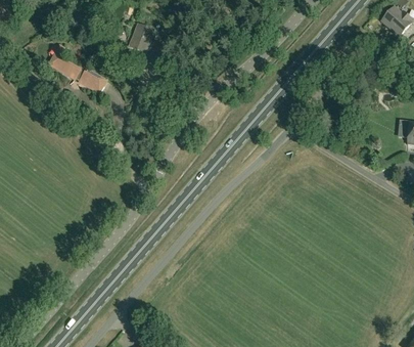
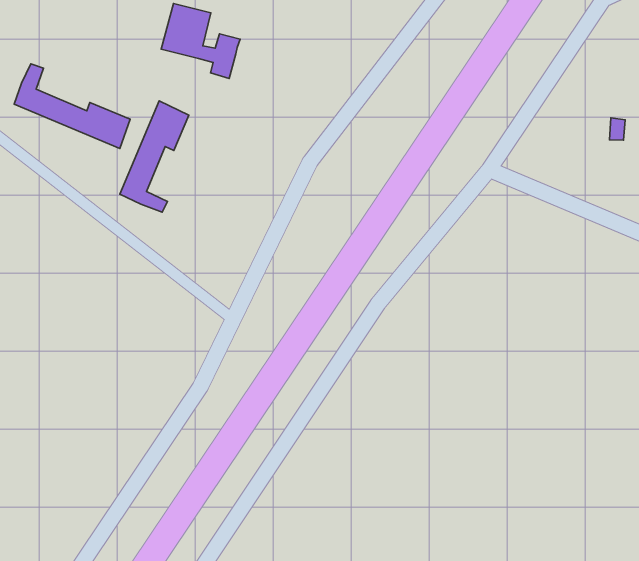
building: none -> [120,101,189,212]

